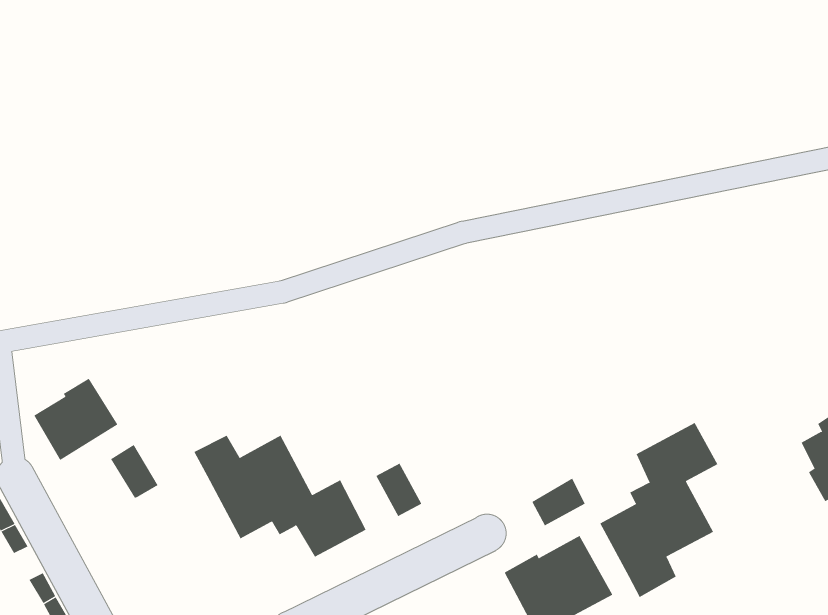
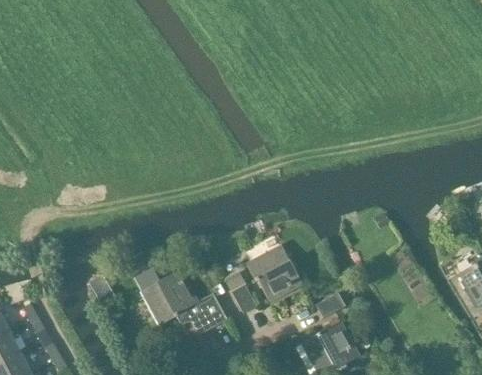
building: [33,378,118,461] -> none
building: none -> [246,244,303,303]
building: [600,422,718,598] -> none

